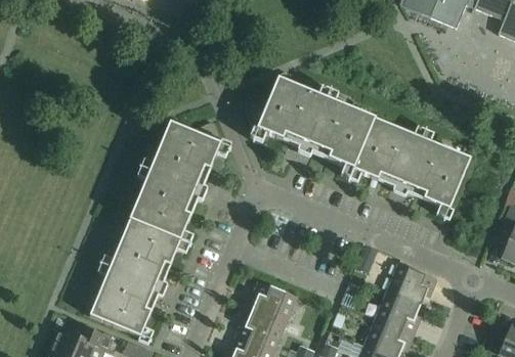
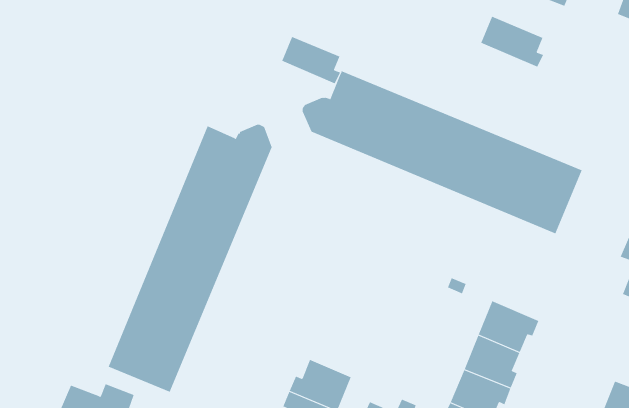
building: none -> [480,16,544,68]
building: none -> [281,36,341,84]
building: [252,279,297,323] -> none

